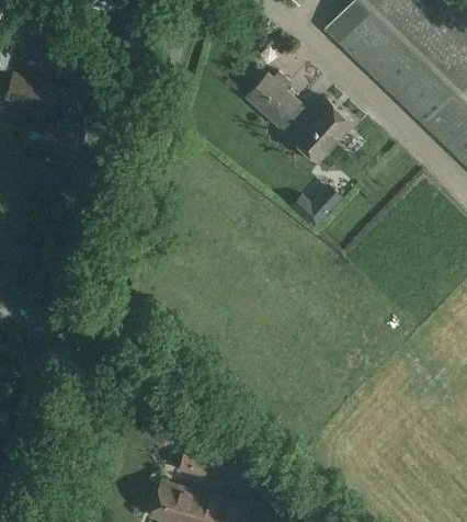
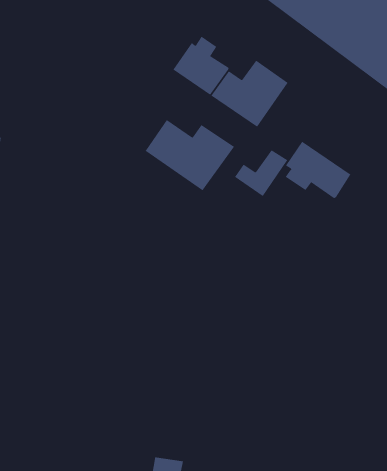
building: none -> [145,119,235,191]
building: none -> [285,141,351,199]

